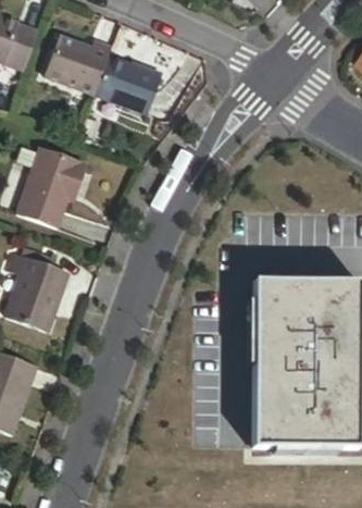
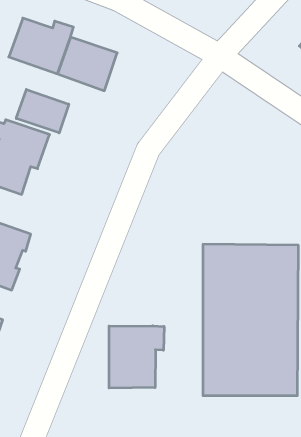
building: none -> [16,89,69,133]
building: none -> [109,326,164,388]

